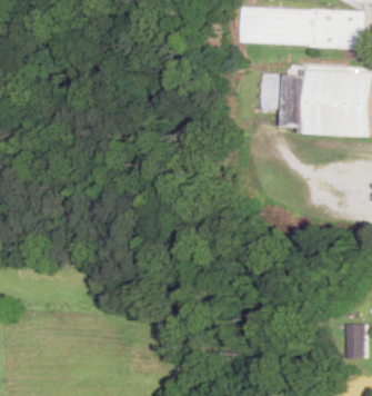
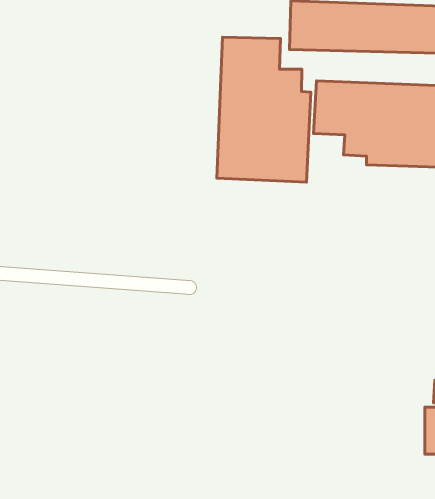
building: none -> [217,37,311,182]

